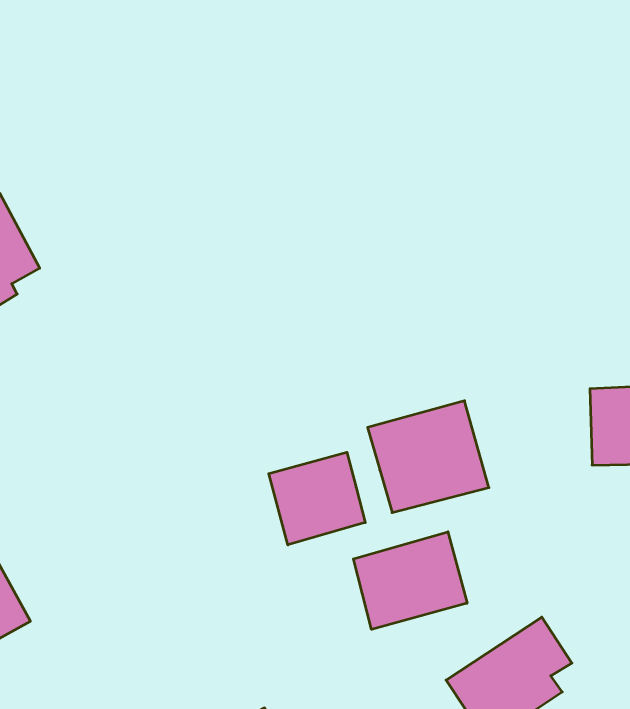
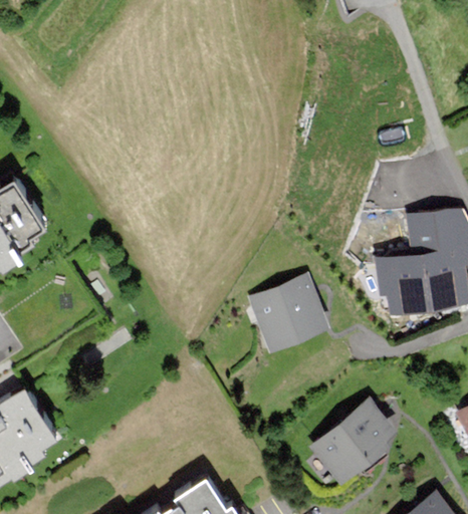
building: [269,452,365,545] -> none
building: [353,532,467,629] -> none

